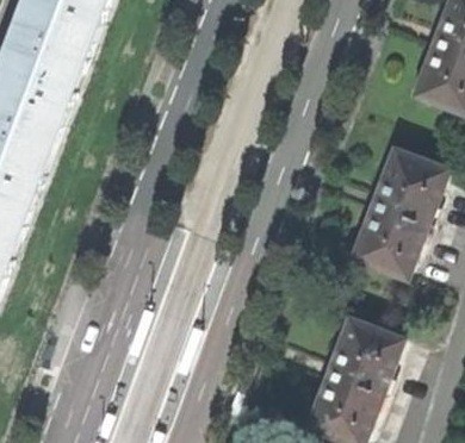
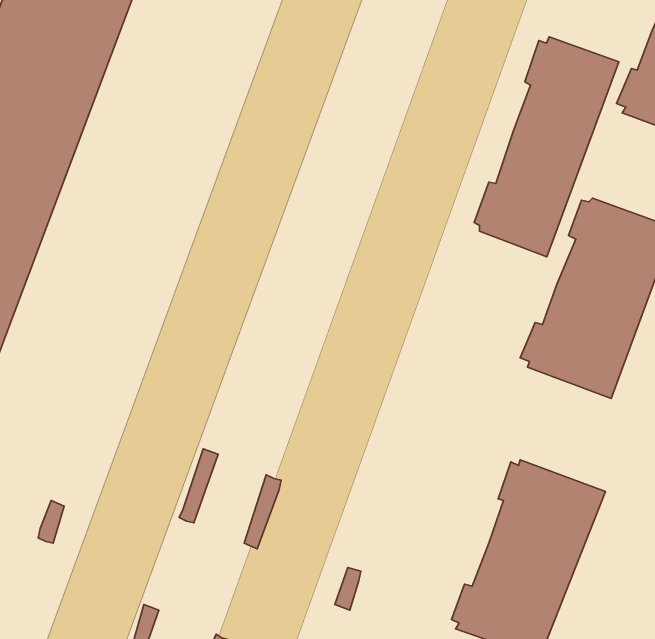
building: none -> [474,37,619,257]

